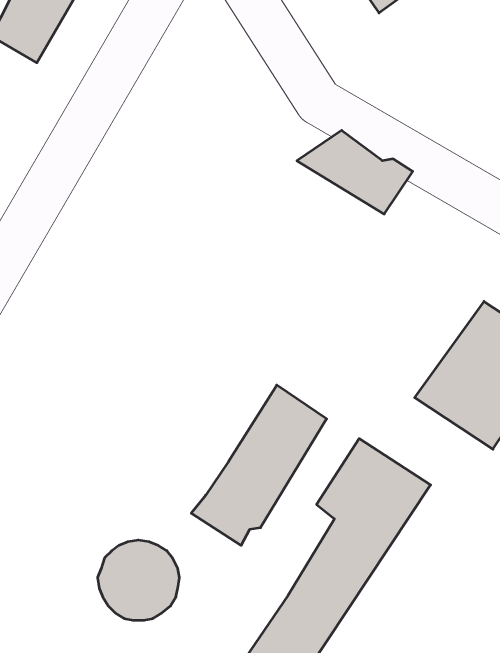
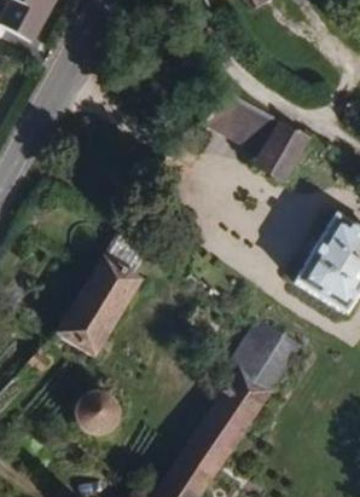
building: none -> [261,121,315,180]
building: [191,385,327,545] -> [45,250,137,359]

